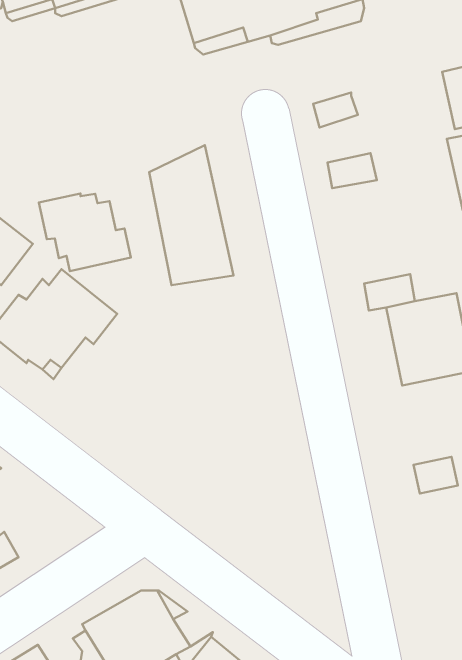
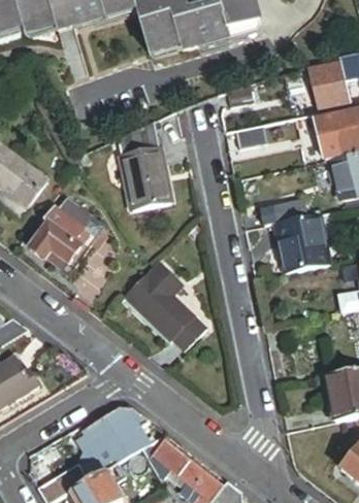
building: [39,193,131,271] -> none
building: none -> [125,261,206,351]

